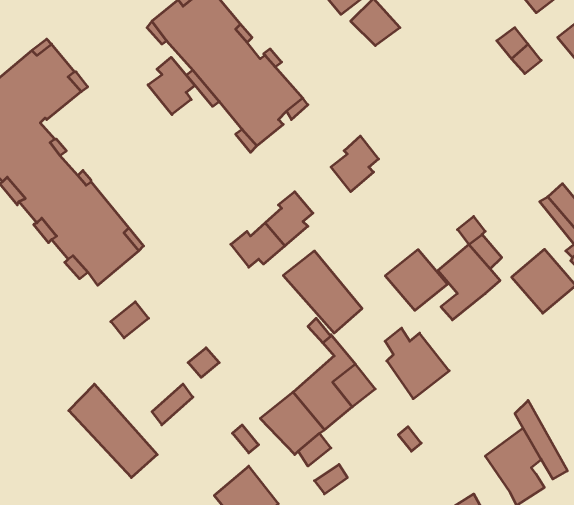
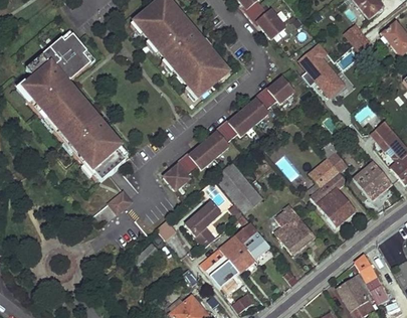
building: none -> [293,38,346,98]
building: [148,57,195,115] -> none
building: none -> [260,77,294,106]
building: none -> [220,111,254,139]
building: none -> [163,158,192,192]
building: [385,250,448,310] -> [317,188,355,225]
building: none -> [184,200,221,247]
building: [69,384,157,478] -> none

